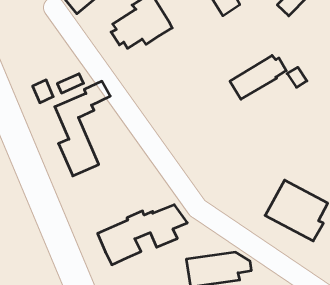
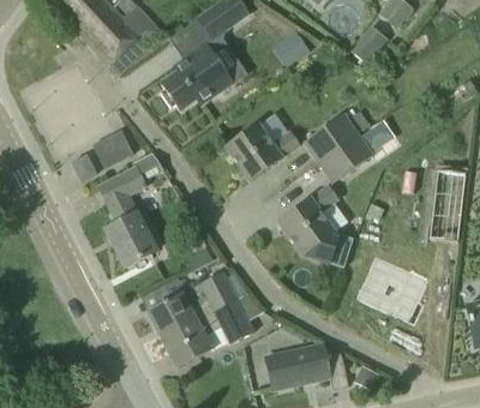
building: none -> [224,121,300,181]
building: none -> [318,134,372,182]
building: none -> [277,185,353,266]
building: none -> [148,271,247,331]

